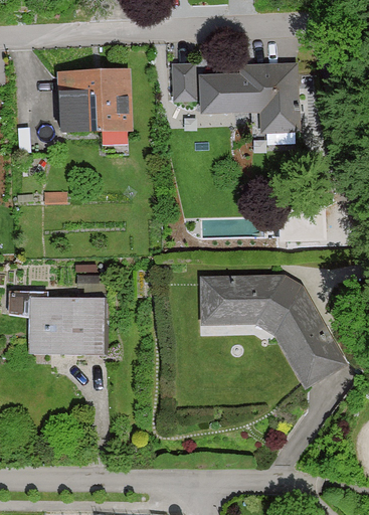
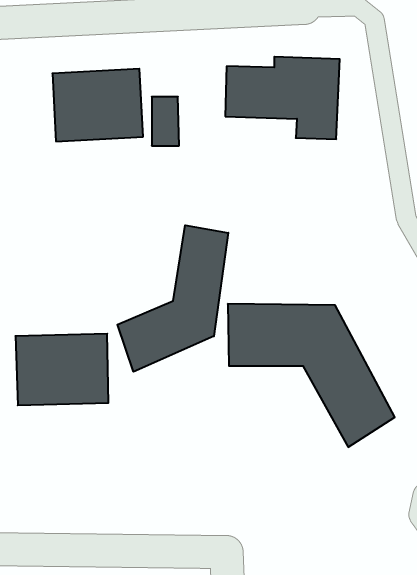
building: [174,66,197,108] -> [152,97,179,146]
building: none -> [117,225,228,372]

